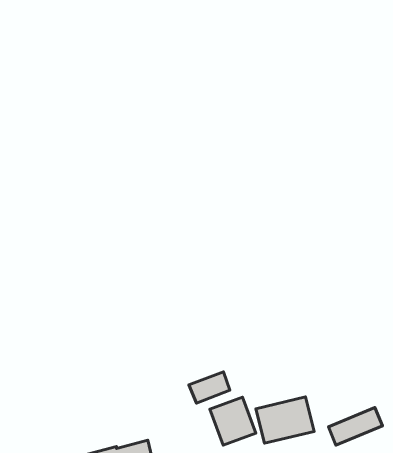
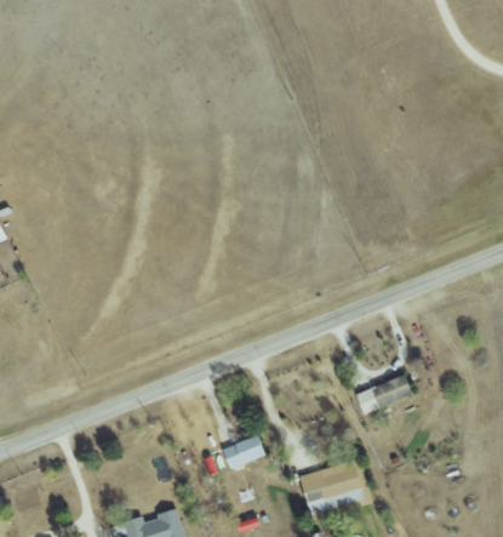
building: [210,397,256,445] -> none
building: [328,407,382,445] -> [354,373,415,416]

